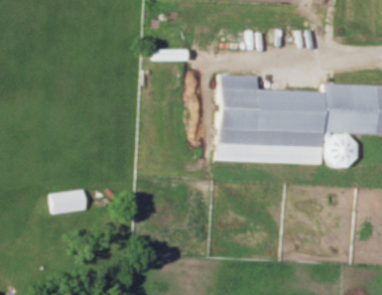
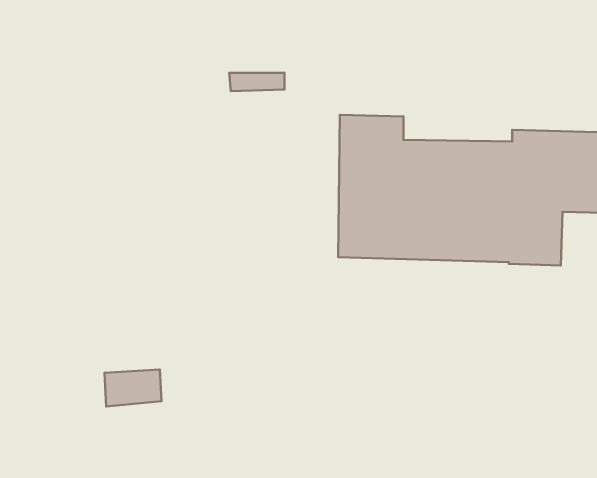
building: [53,190,88,212] -> [104,370,161,406]

